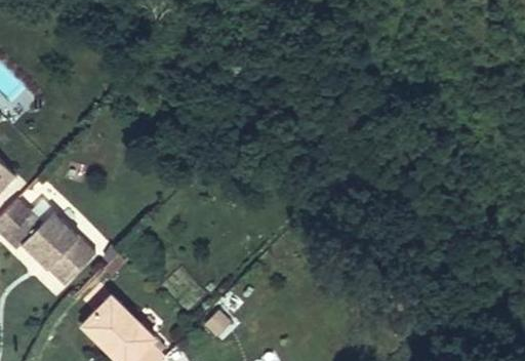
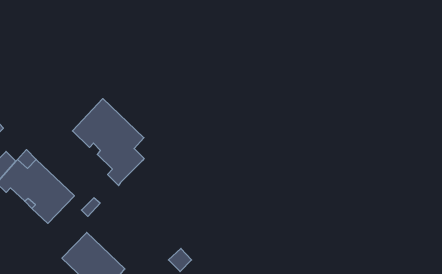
building: none -> [72,99,144,186]

